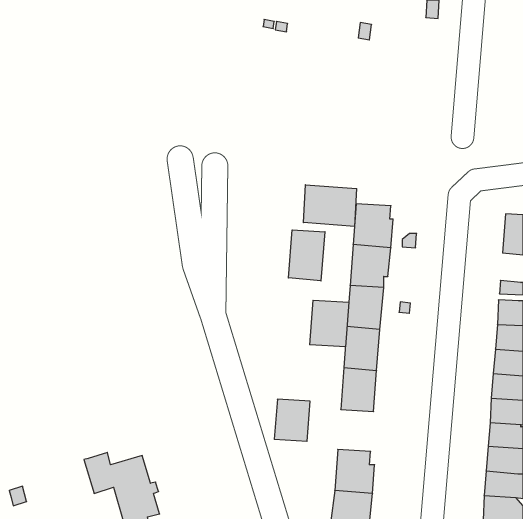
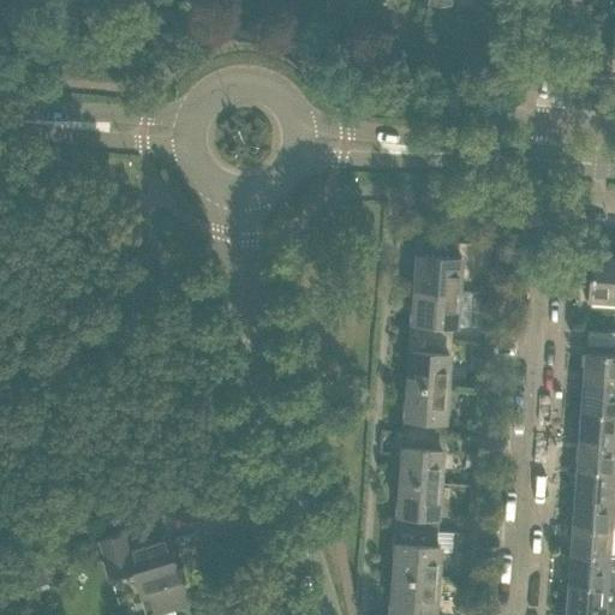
building: [303,185,357,226] -> none
building: [288,230,325,281] -> none
building: [310,300,349,347] -> none
building: [274,399,310,441] -> [396,485,438,535]

